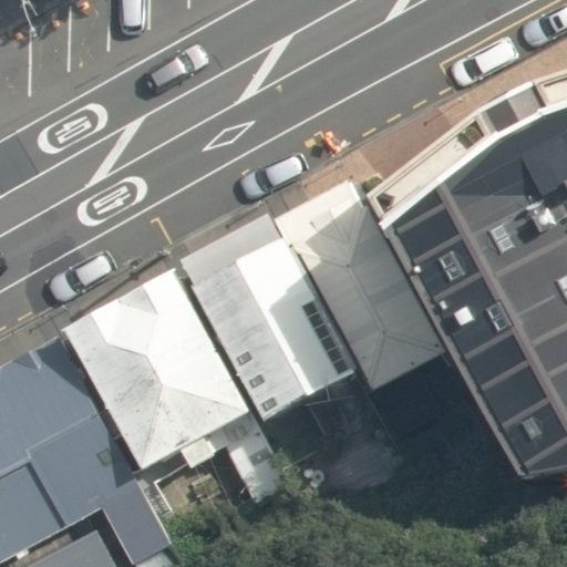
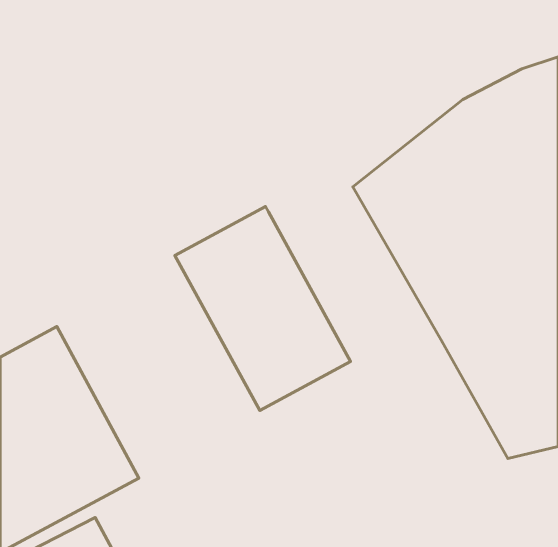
building: [272,183,449,399] -> none
building: [68,277,256,481] -> none

